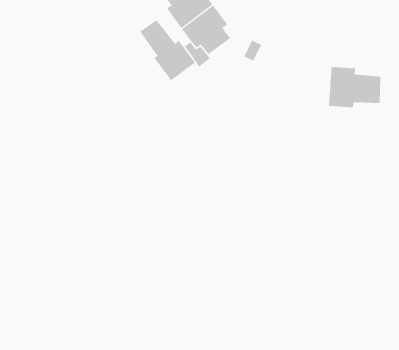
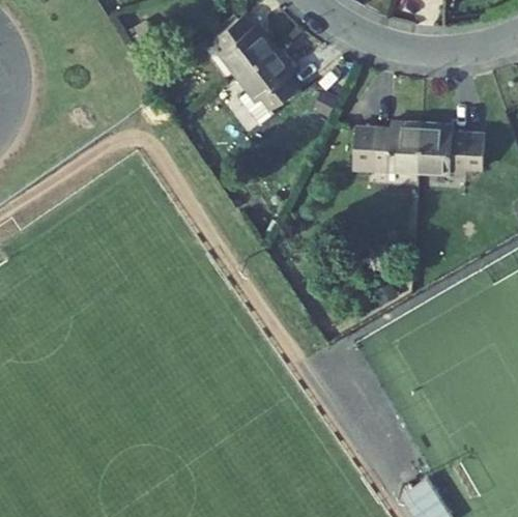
building: [139,20,196,81] -> none
building: none -> [352,124,421,174]

